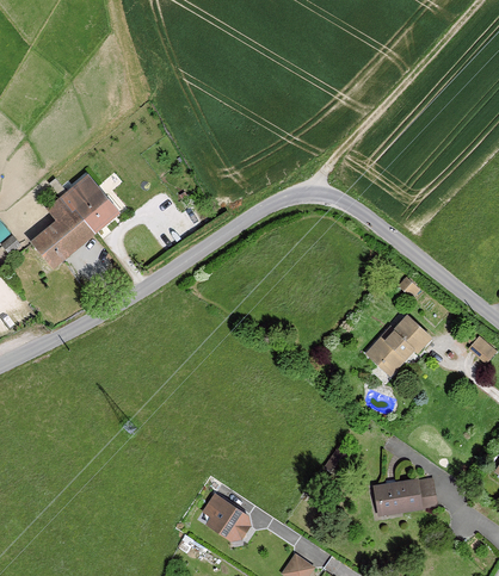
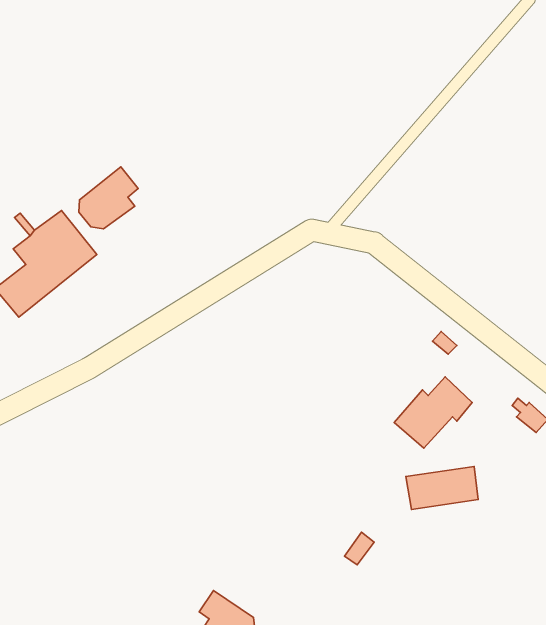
building: none -> [79,167,138,229]
building: [374,478,435,514] -> [406,467,478,509]

